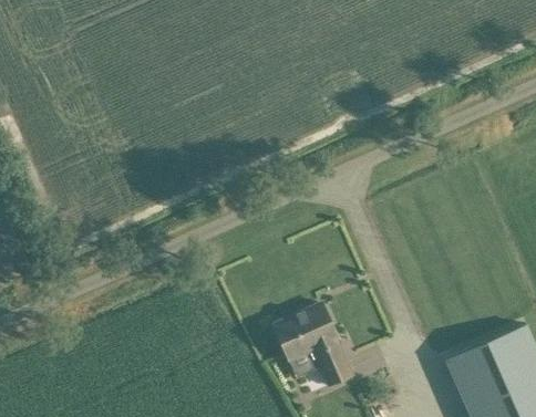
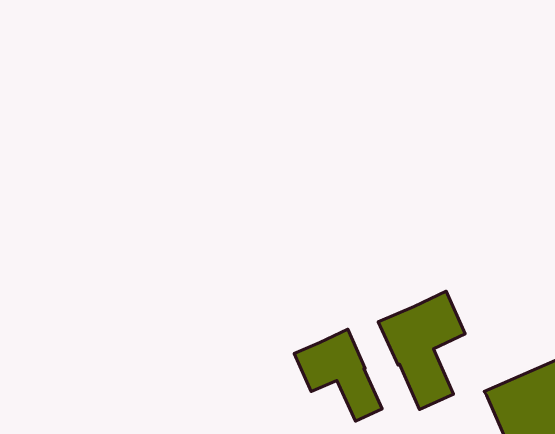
building: none -> [378,291,465,409]

